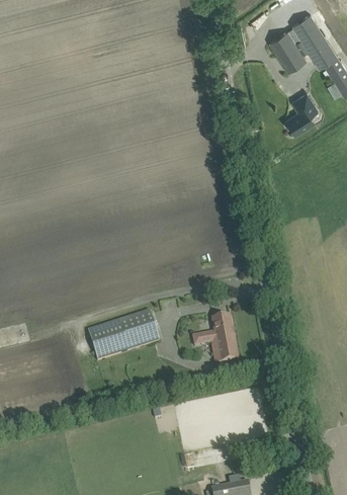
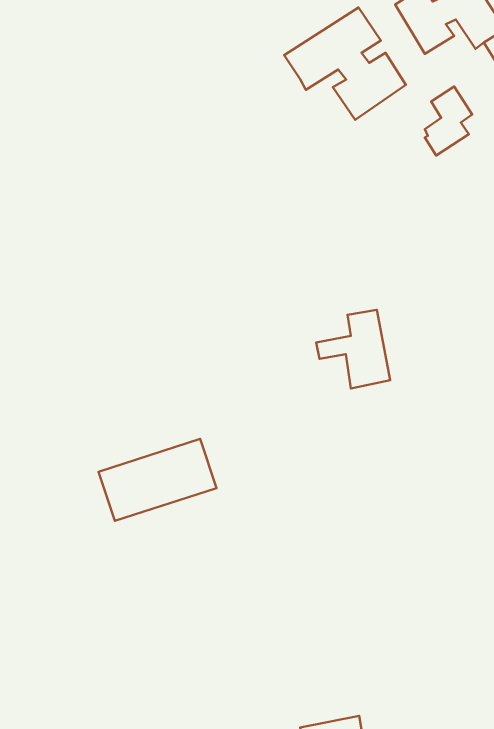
building: none -> [284,8,406,120]
building: [191,314,237,362] -> [316,310,390,388]

